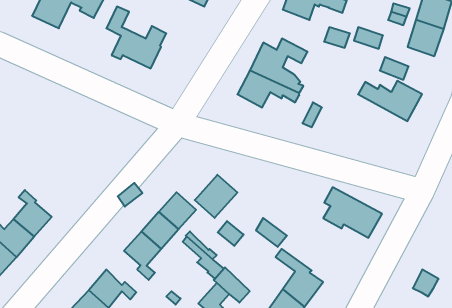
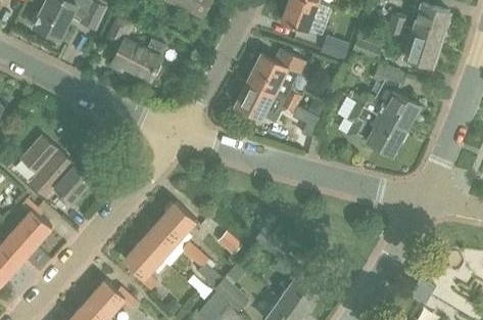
building: none -> [21,137,91,203]
building: [195,175,237,218] -> none
building: [323,187,382,238] -> [346,105,404,155]

